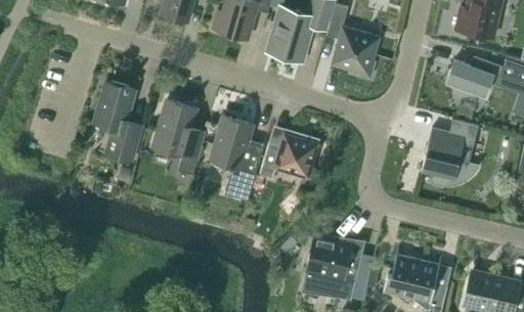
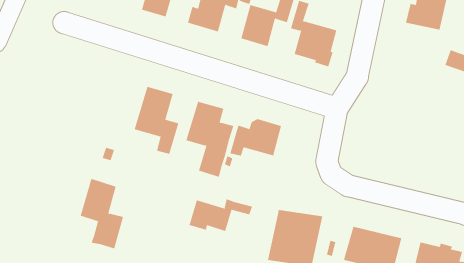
building: [446,59,493,98] -> none
building: [93,81,142,160] -> [80,178,124,249]
building: [421,119,478,184] -> none
building: none -> [189,199,253,232]

